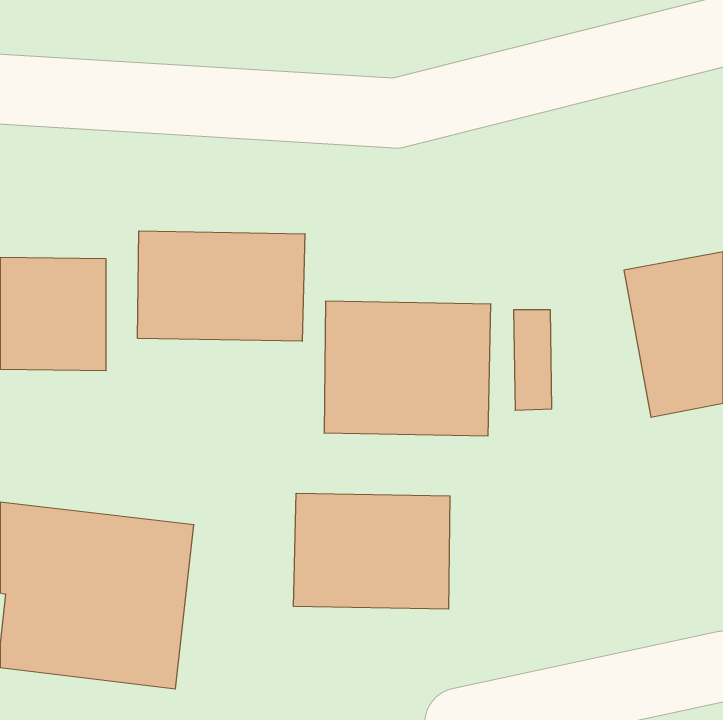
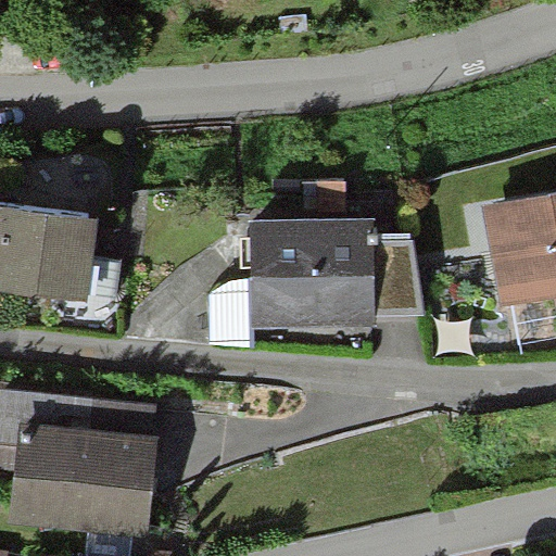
building: [138,231,305,341] -> none
building: [293,493,450,609] -> none

